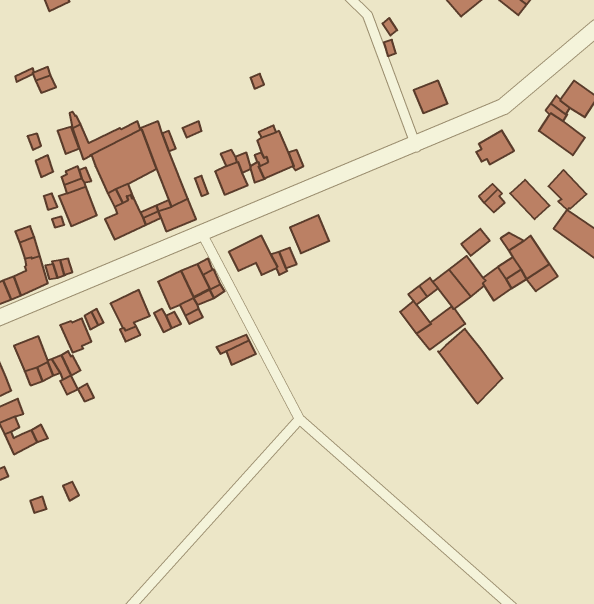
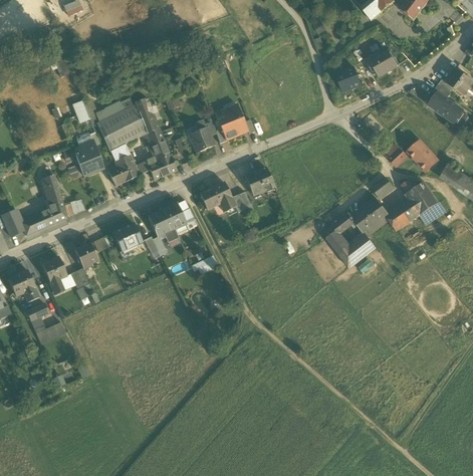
building: [476,130,514,164] -> [369,50,397,75]
building: [548,170,587,210] -> none
building: [438,329,503,404] -> none

